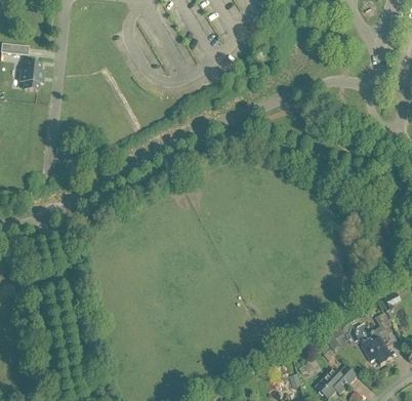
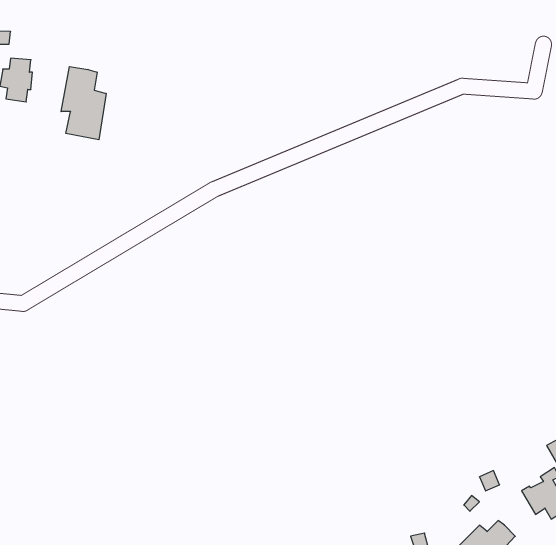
building: none -> [61,67,106,140]

